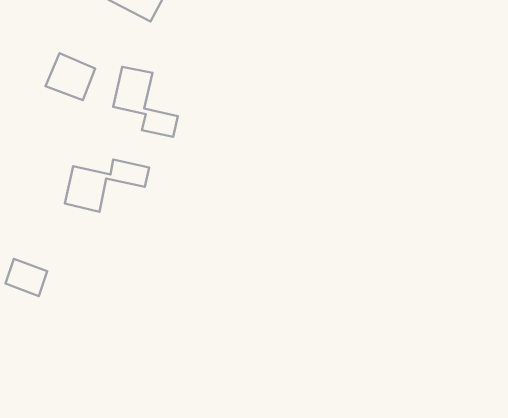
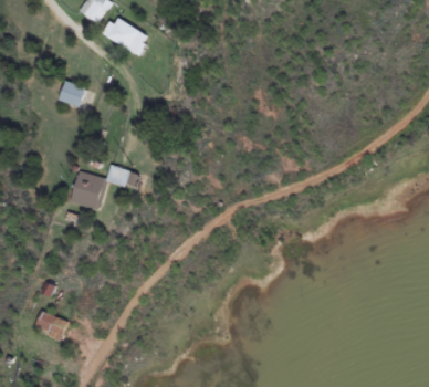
building: [113,67,178,137] -> none
building: [6,259,47,296] -> [34,311,67,341]

